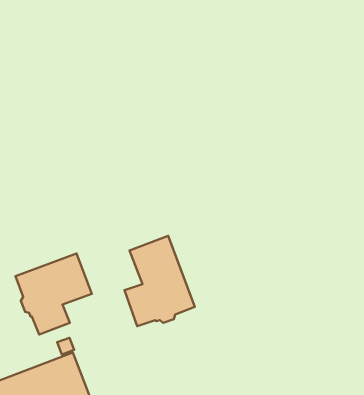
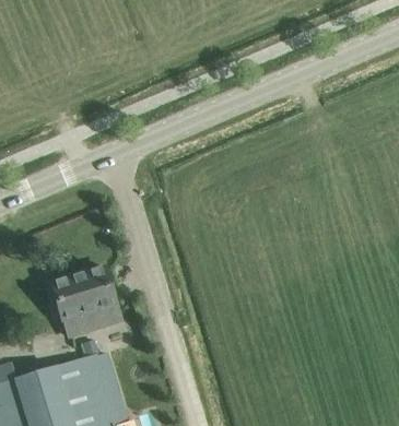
building: [124,236,195,326] -> none

